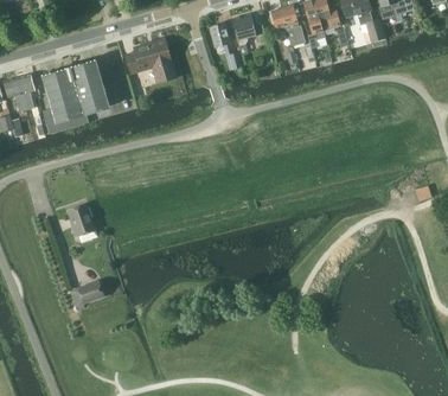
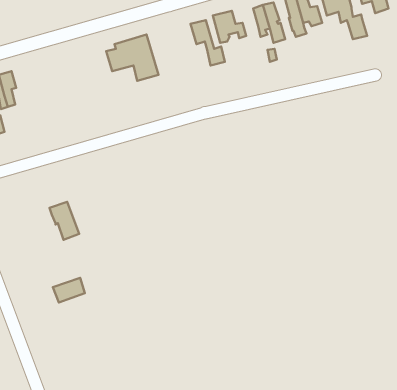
building: [43,58,110,133] -> none

